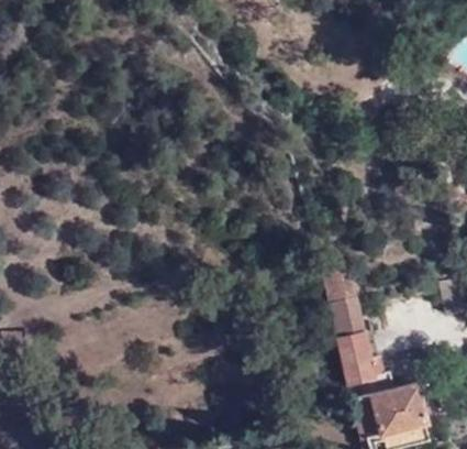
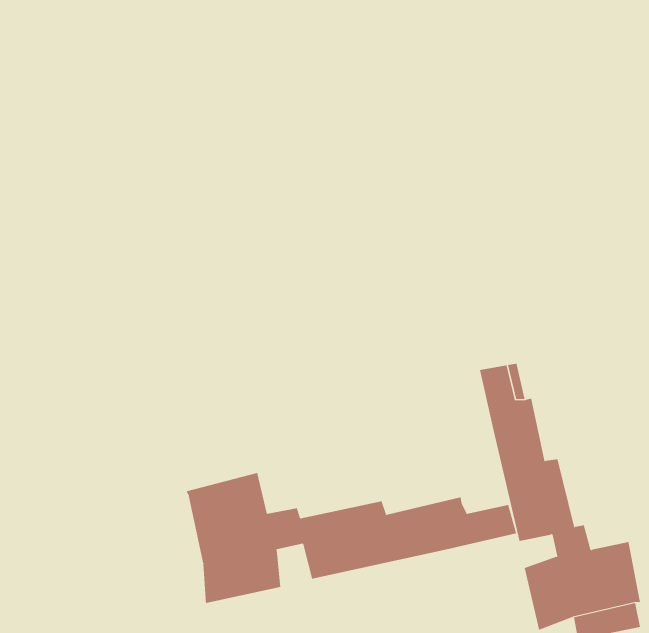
building: none -> [186,472,517,604]

